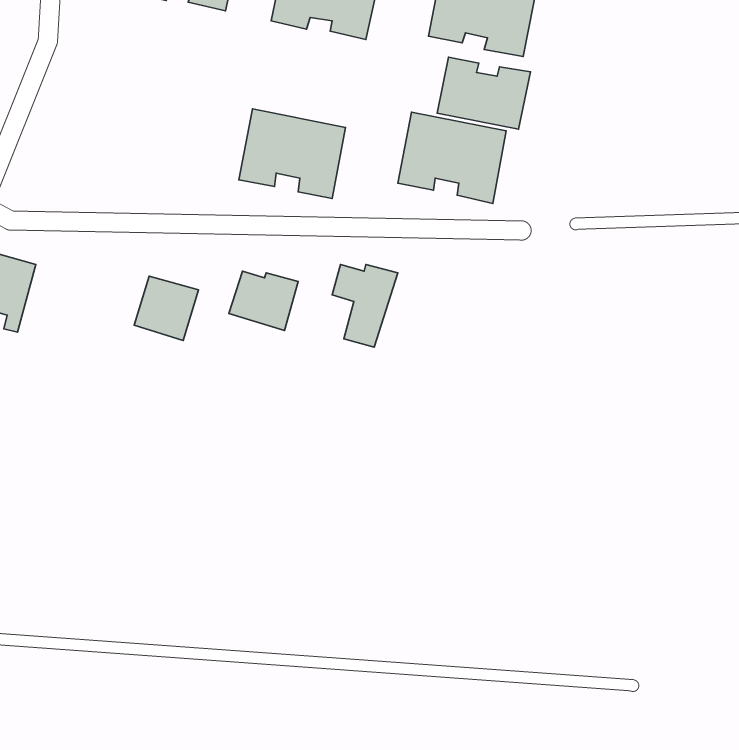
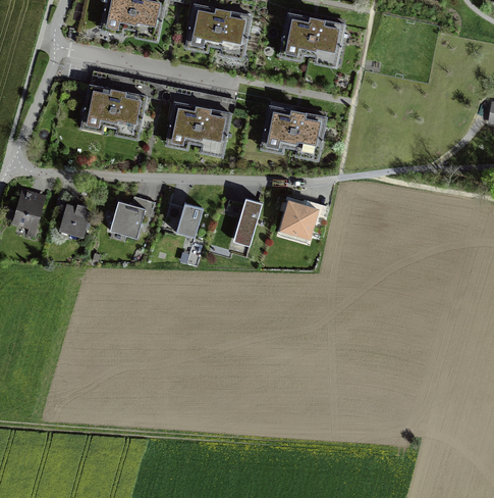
building: [437,57,530,129] -> none
building: none -> [81,84,147,138]
building: none -> [274,199,316,240]
building: none -> [60,202,91,236]

